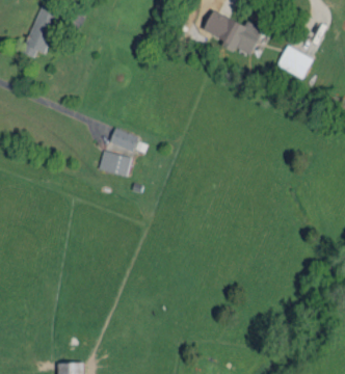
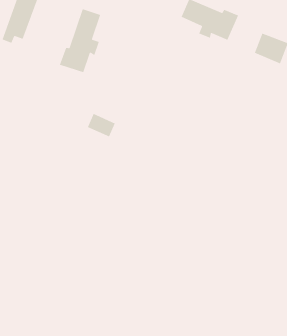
building: none -> [59,8,101,73]
building: [99,150,132,177] -> none

